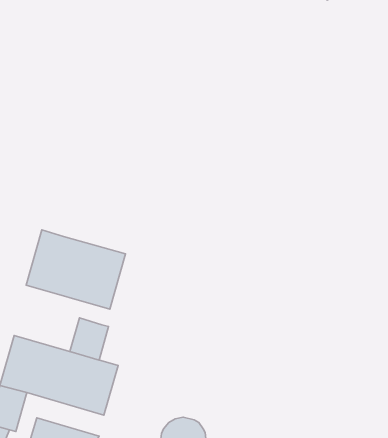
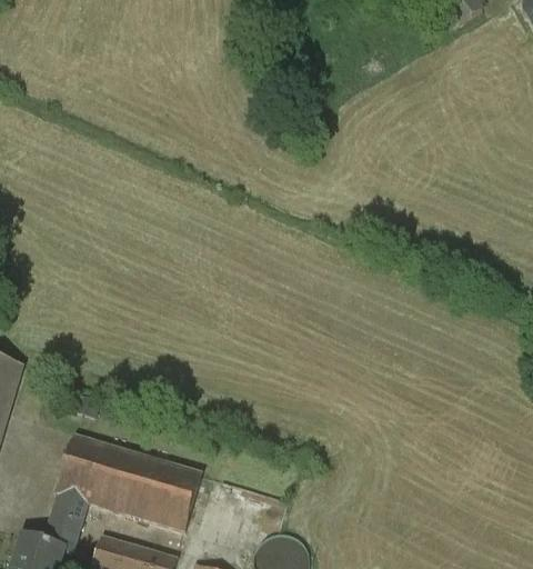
building: [26,230,125,309] -> none
building: [70,318,109,360] -> none

